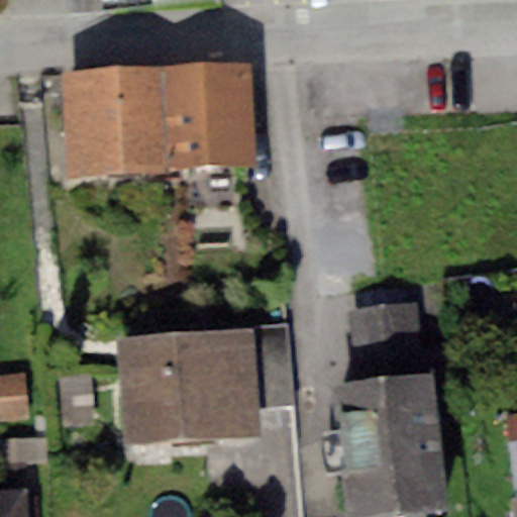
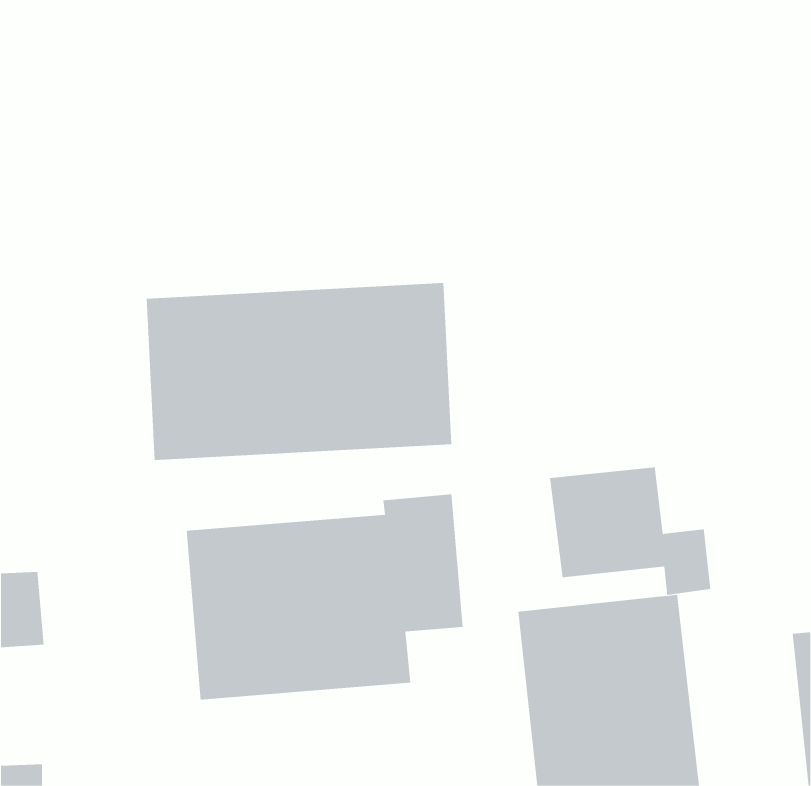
building: [63,64,257,177] -> [146,283,452,460]

